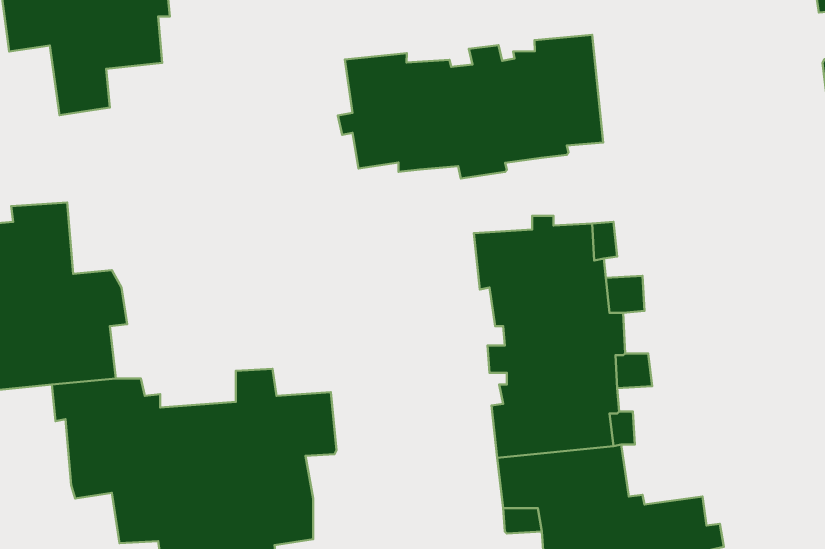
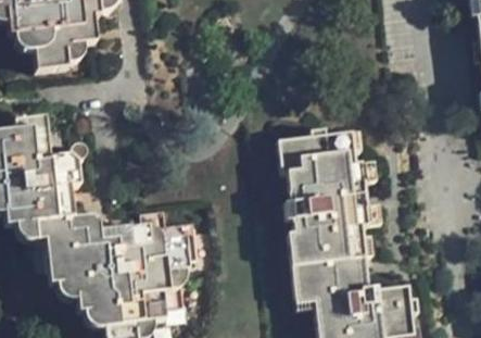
building: [338,35,603,178] -> none

